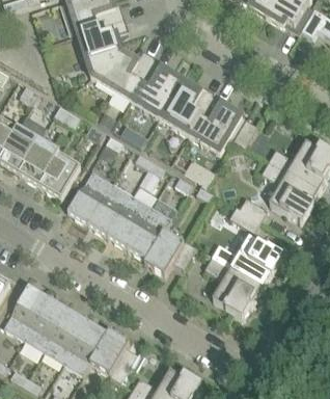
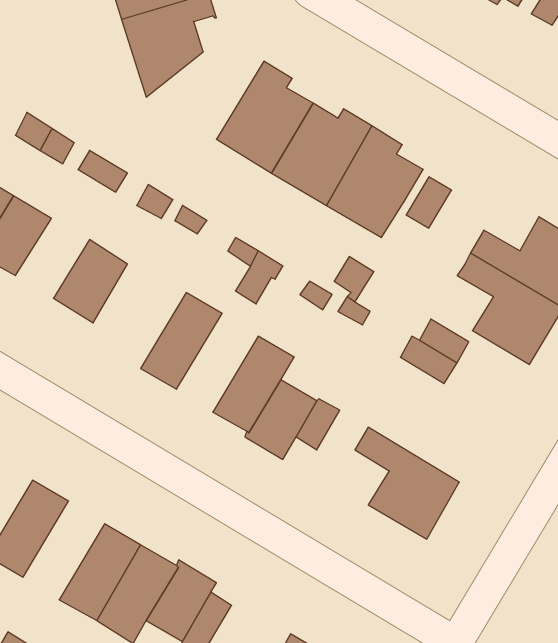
building: [90,48,155,98] -> none
building: [19,141,59,185] -> none
building: [67,169,112,223] -> none
building: [107,193,152,247] -> none
building: [212,236,280,286] -> none
building: [23,296,67,350] -> none

